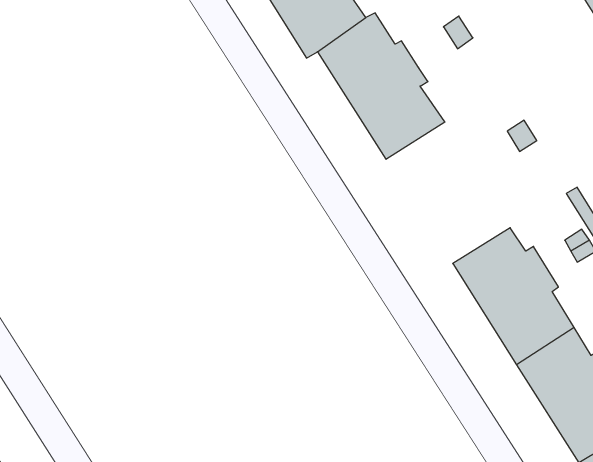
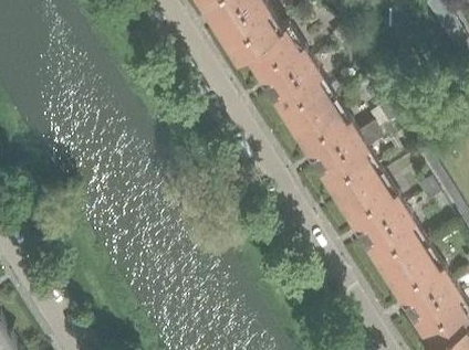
building: none -> [290,104,382,197]

